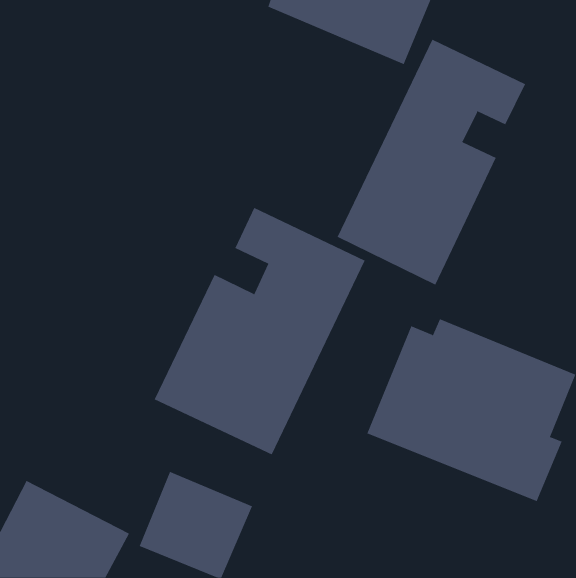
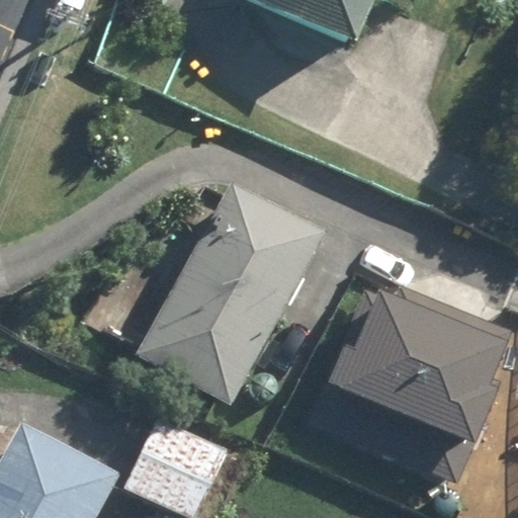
building: [337,39,526,285] -> none

